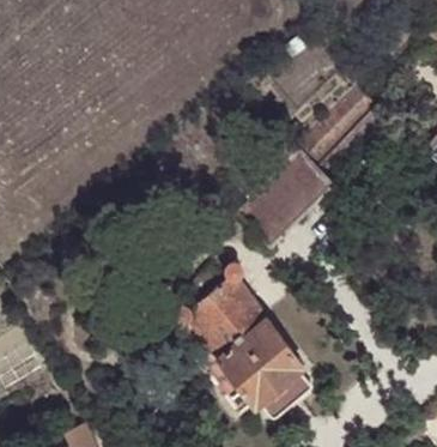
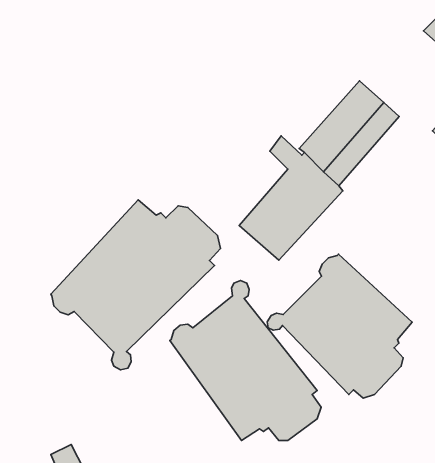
building: none -> [51,200,220,370]
building: none -> [267,254,412,398]

